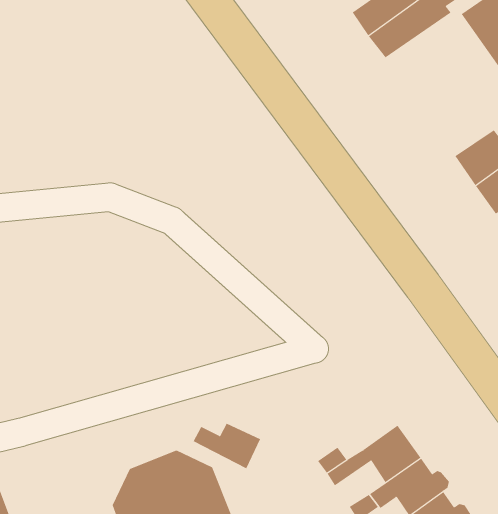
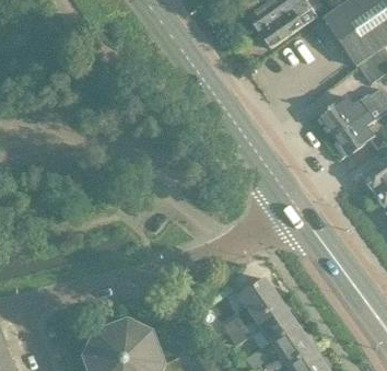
building: none -> [239,277,280,318]
building: [193,423,261,469] -> none

